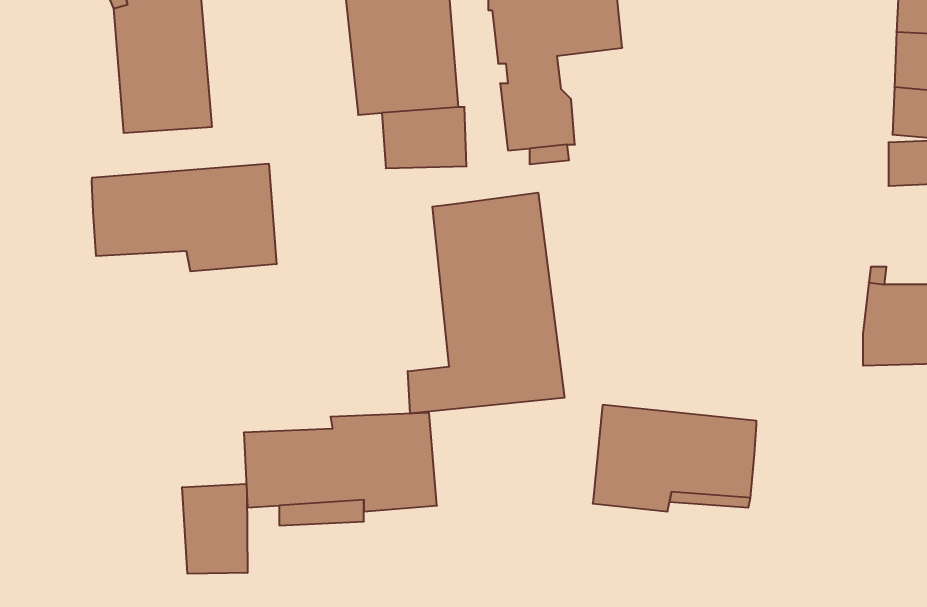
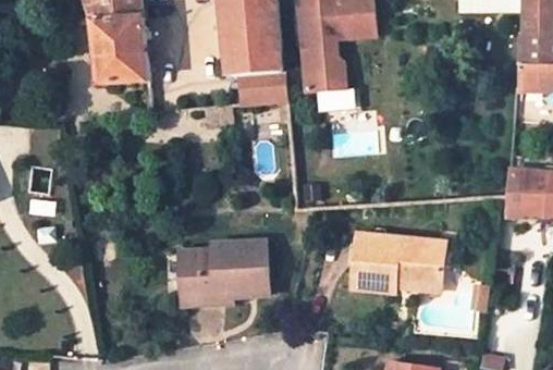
building: [92,164,276,271] -> none
building: [408,193,564,414] -> none
building: [182,484,247,574] -> none

